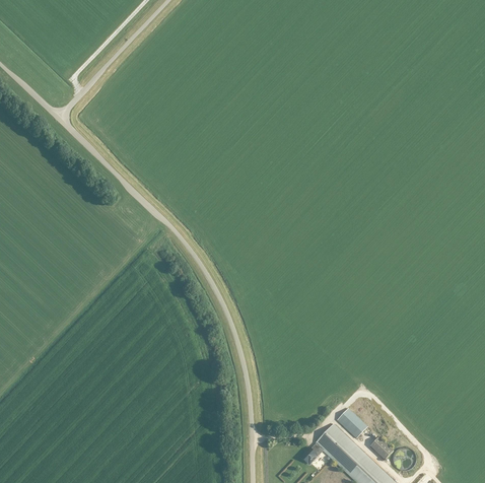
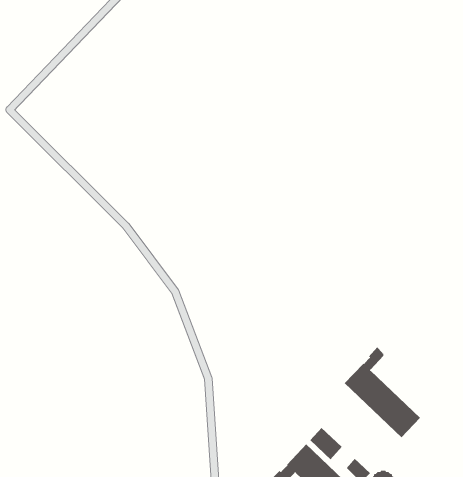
building: none -> [344,347,421,438]

